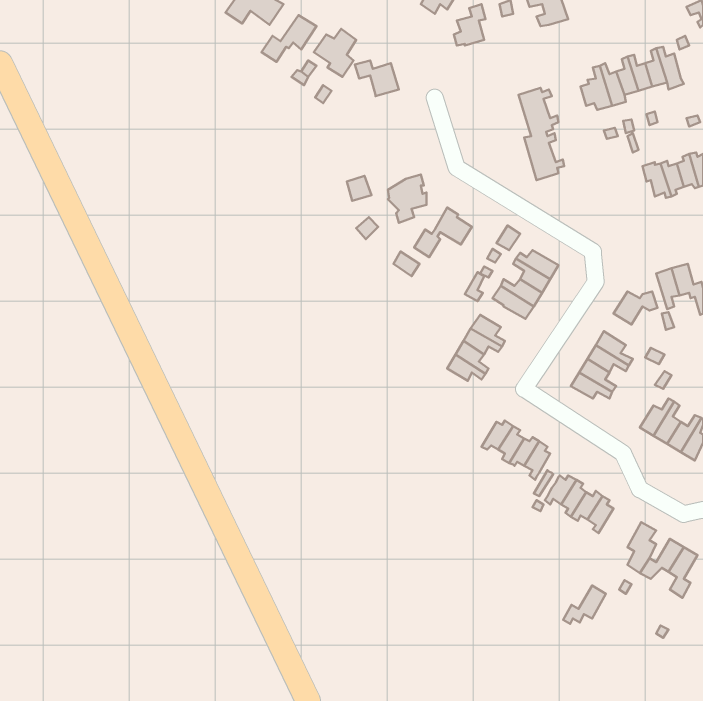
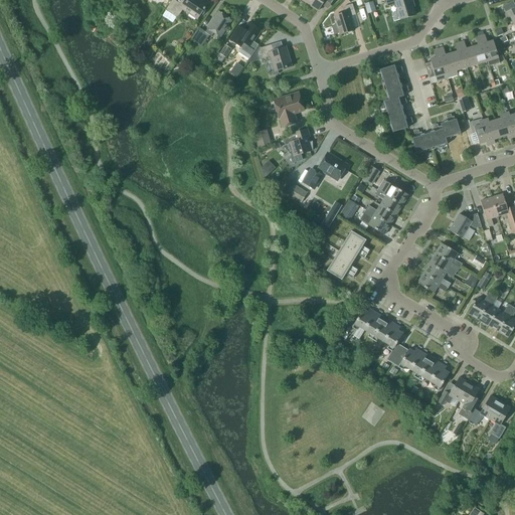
building: none -> [274,92,304,126]
building: none -> [411,114,461,153]
building: [563,585,606,624] -> [438,376,469,404]

